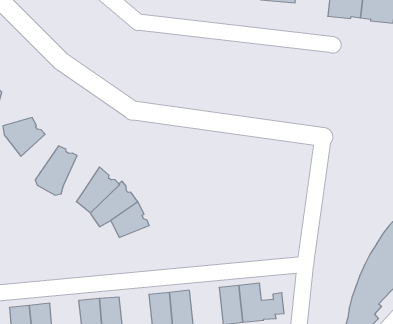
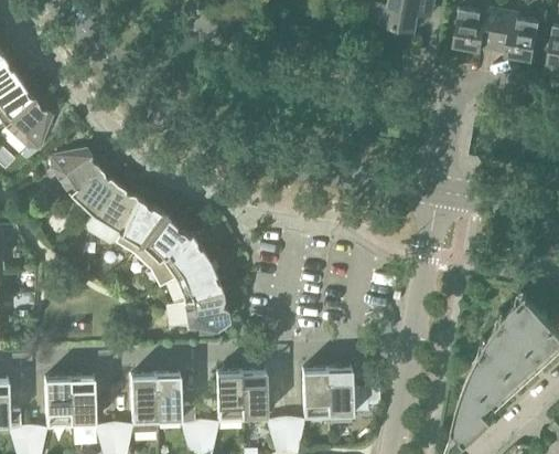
building: none -> [71,170,117,217]
building: none -> [117,199,165,255]
building: none -> [170,289,228,330]

